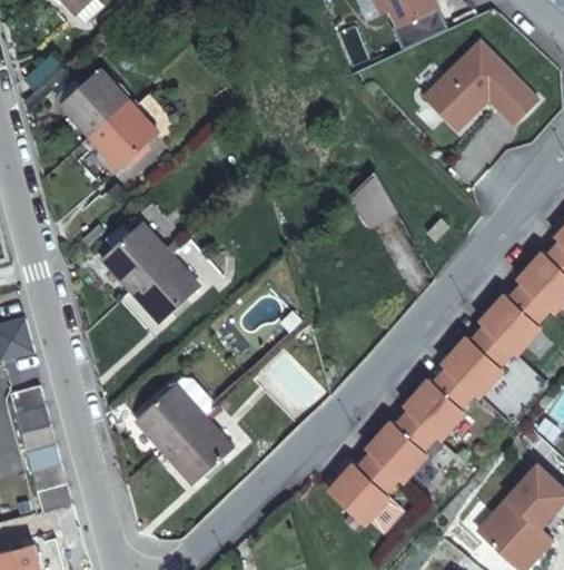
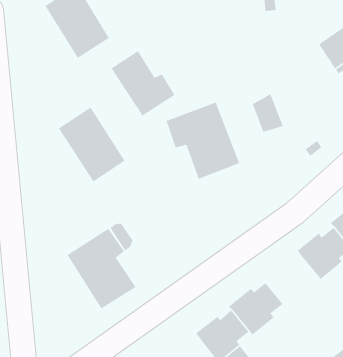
building: none -> [110,50,176,117]
building: none -> [166,102,240,180]
building: [402,370,472,440] -> none

